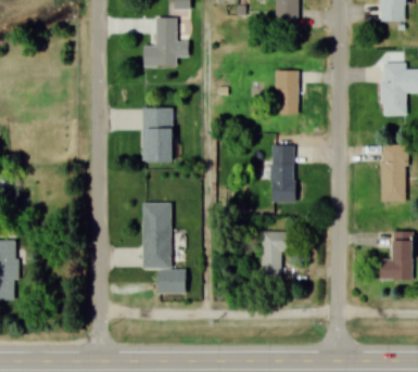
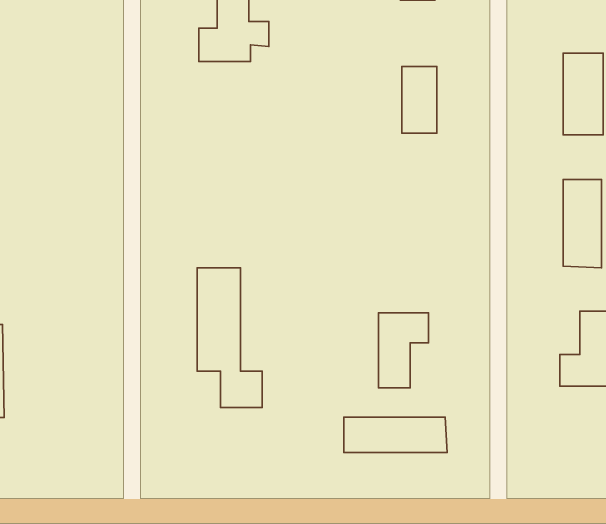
building: [141,108,172,163] -> none
building: [270,144,295,202] -> none
building: none -> [344,417,447,453]

